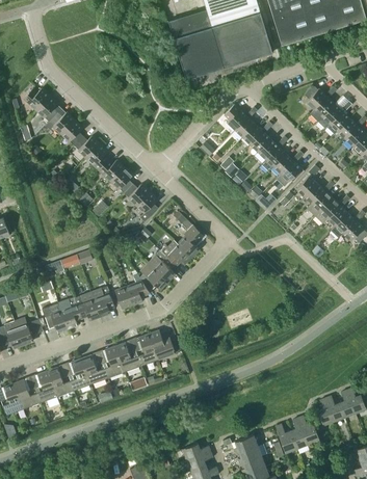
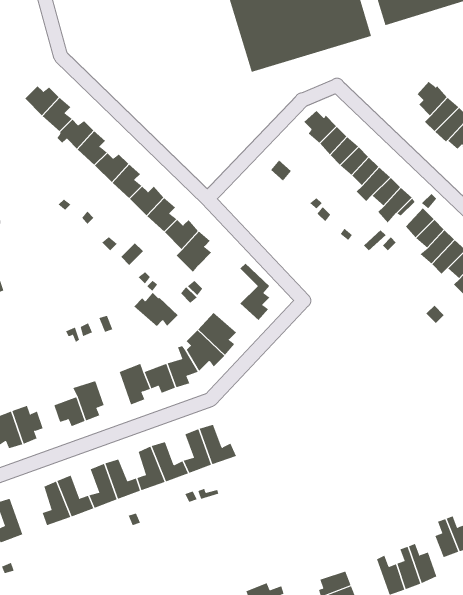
building: [158,239,190,264] -> [134,292,179,327]
building: [74,292,99,319] -> none
building: [12,378,38,408] -> none

